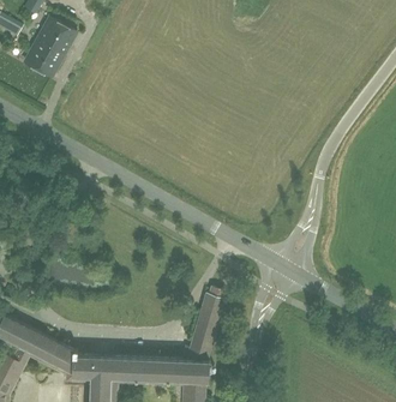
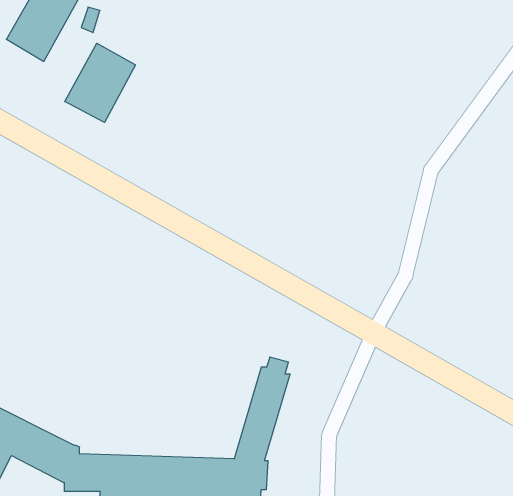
building: none -> [65,43,135,122]

